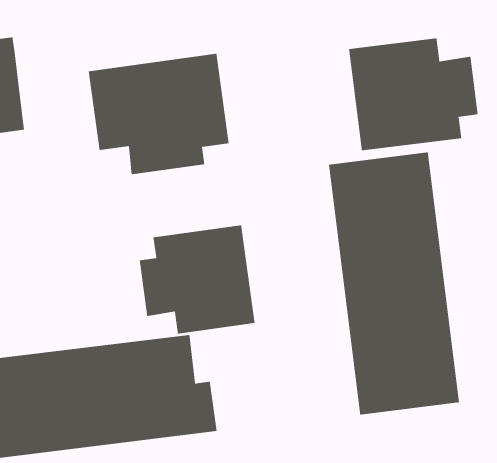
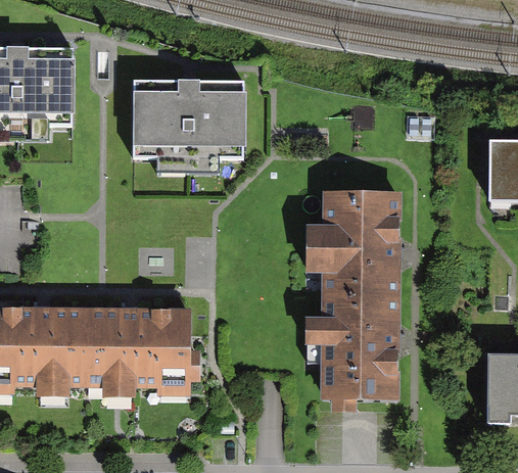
building: [349,37,478,151] -> none
building: [139,225,255,334] -> none

